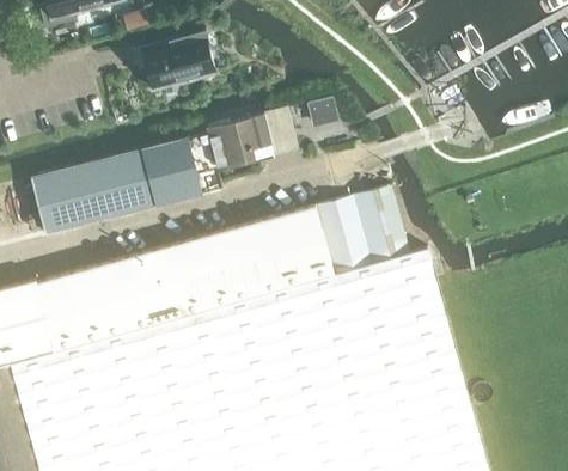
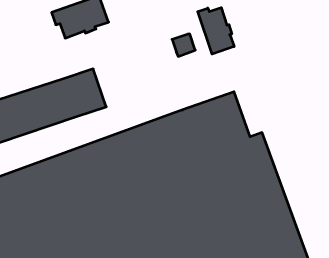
building: none -> [198,8,234,54]
building: [207,115,276,167] -> none

